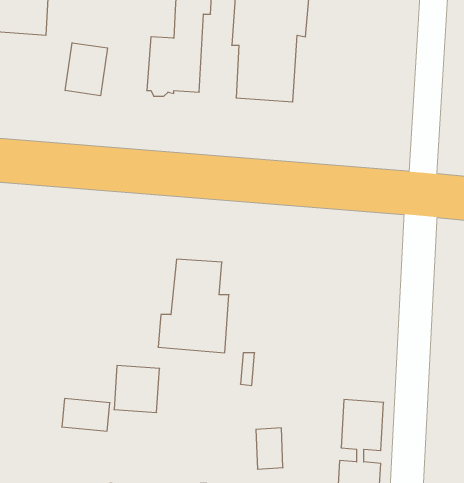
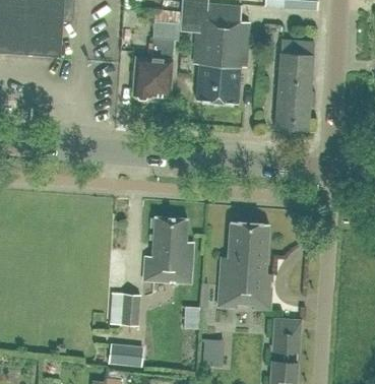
building: none -> [274,40,314,130]
building: [65,43,108,96] -> none
building: none -> [217,221,272,309]
building: [62,399,110,431] -> [109,343,143,367]

